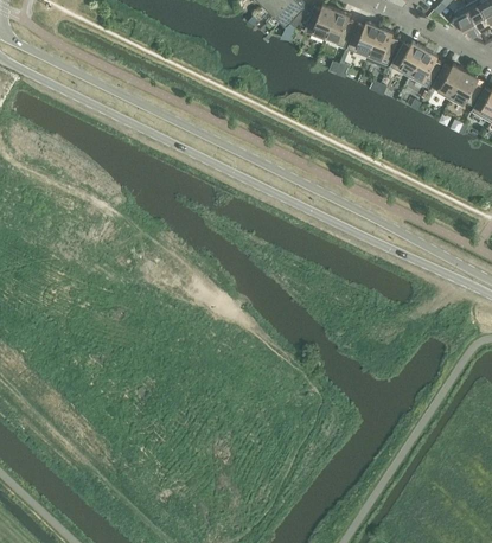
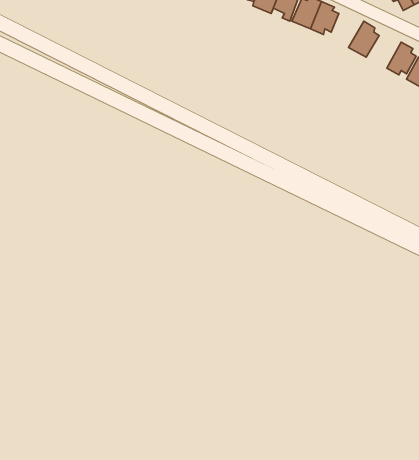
building: [390,41,426,77] -> none
building: [434,64,466,100] -> none

